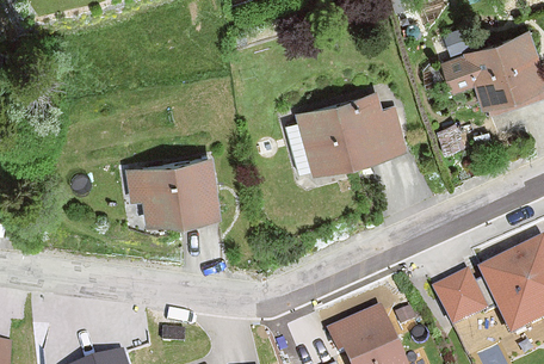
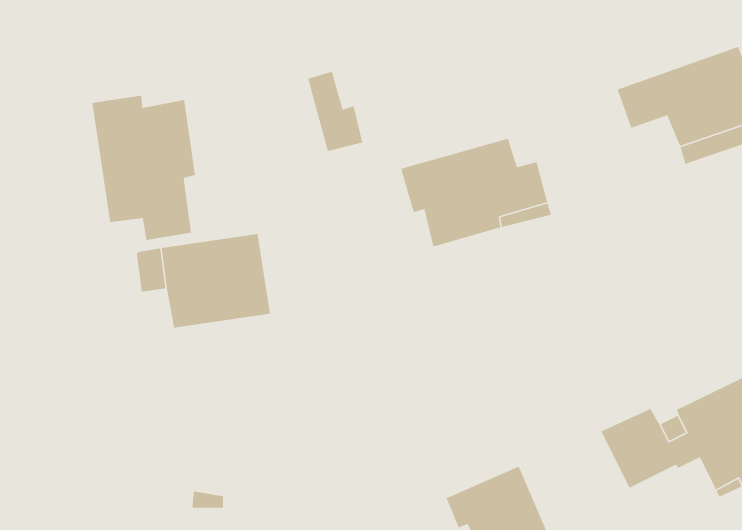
building: none -> [91,95,196,241]
building: [286,117,323,171] -> [307,71,363,152]

